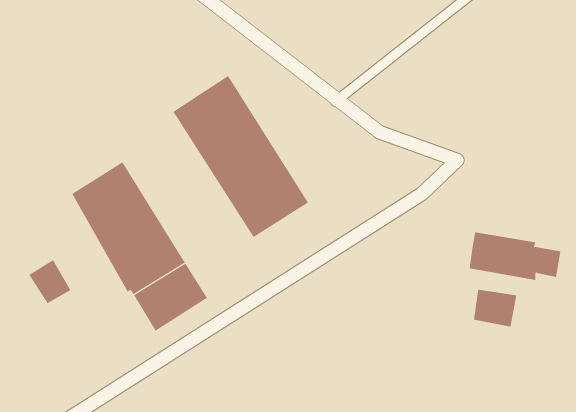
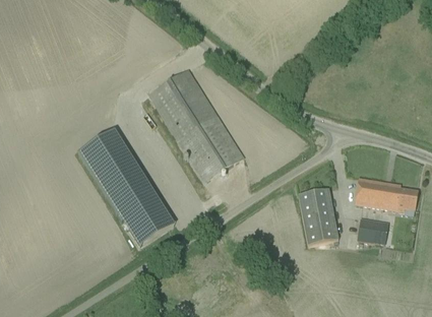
building: none -> [299,190,338,246]
building: [29,259,71,304] -> none

